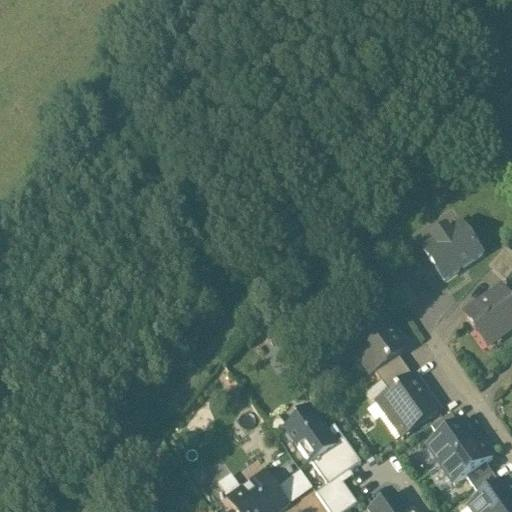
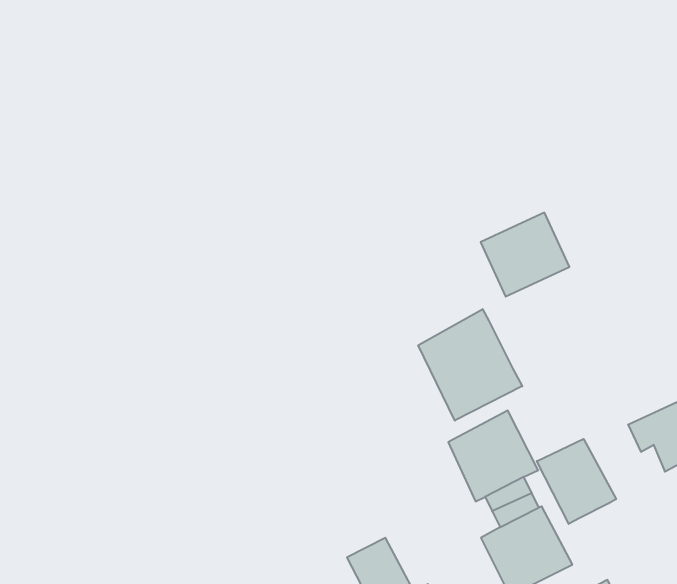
building: [420,217,482,277] -> [481,213,569,297]
building: none -> [418,309,522,421]
building: none -> [537,439,616,524]

